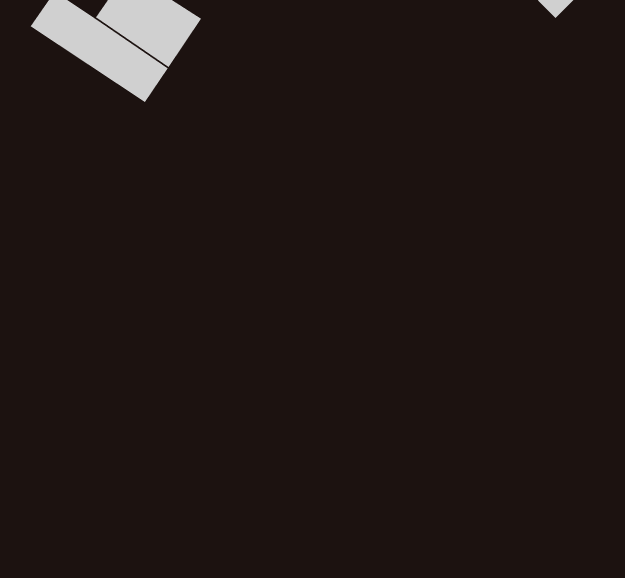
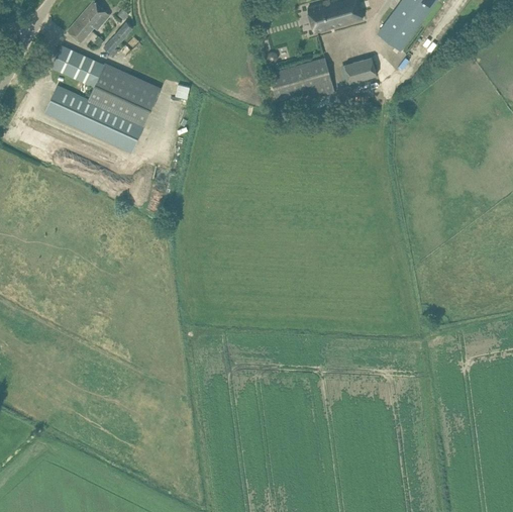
building: none -> [270,58,335,101]
building: none -> [344,57,377,84]

